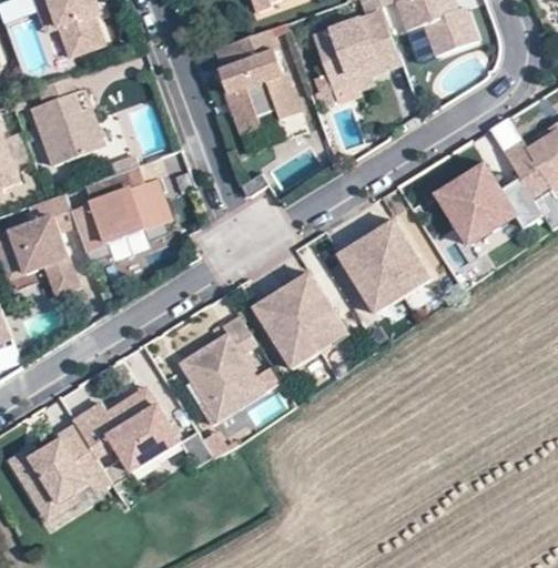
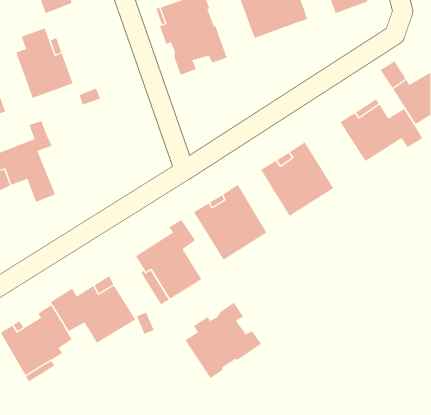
building: [69,175,169,261] -> none
building: none -> [184,302,262,379]

